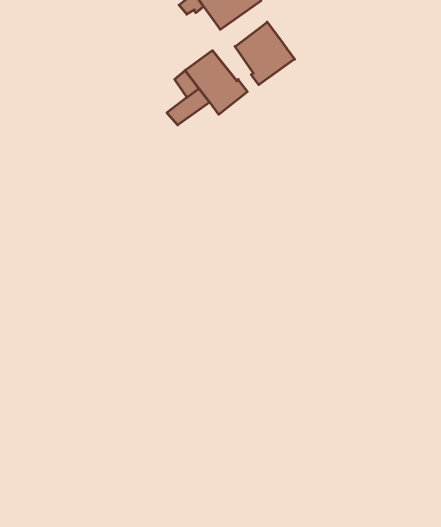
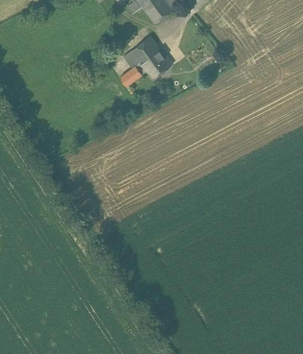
building: [235,22,295,85] -> none

